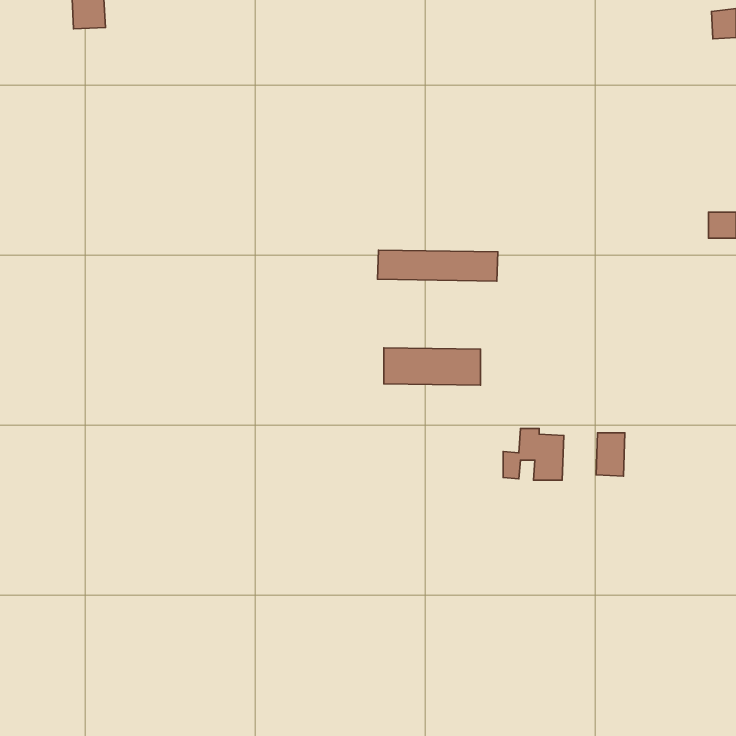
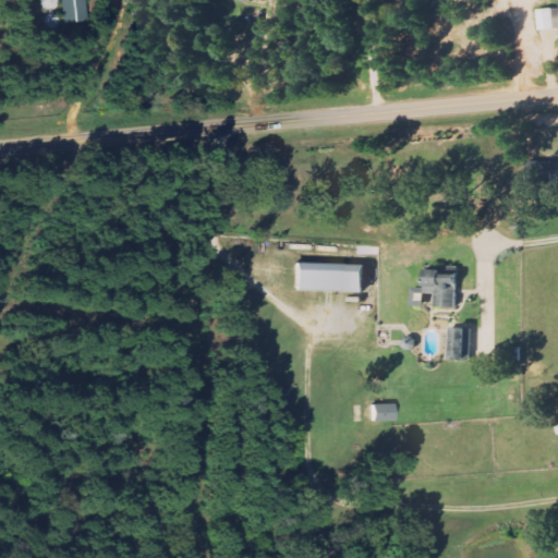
building: [377,250,498,281] -> none
building: [503,428,564,480] -> [412,268,458,307]
building: none -> [366,403,390,422]

